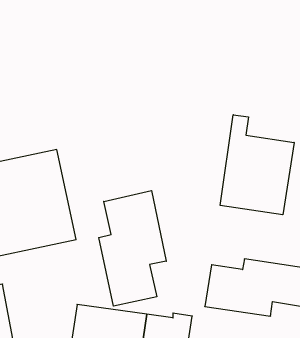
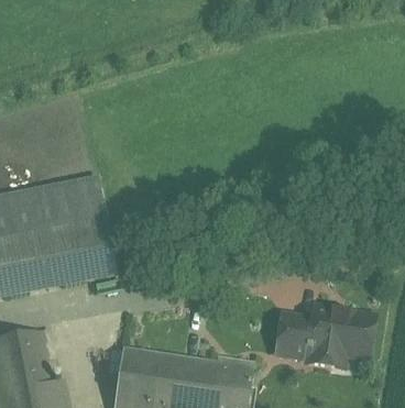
building: [220,115,294,215] -> none
building: [99,191,166,306] -> none

